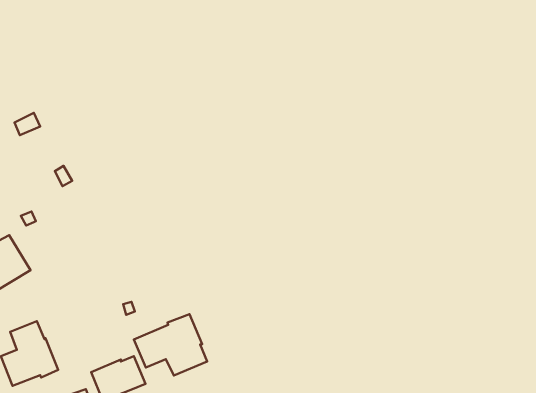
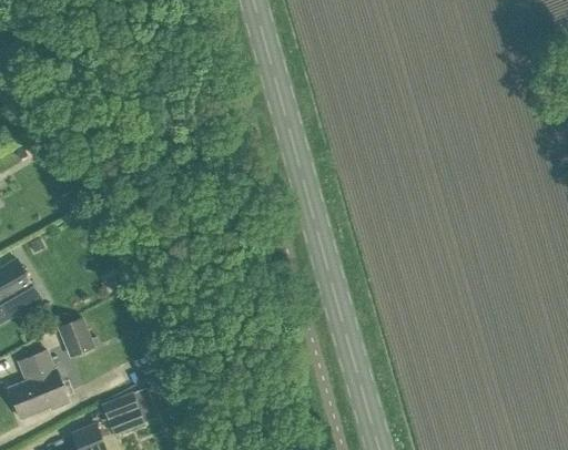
building: none -> [57,315,93,356]
building: [134,314,207,376] -> none

